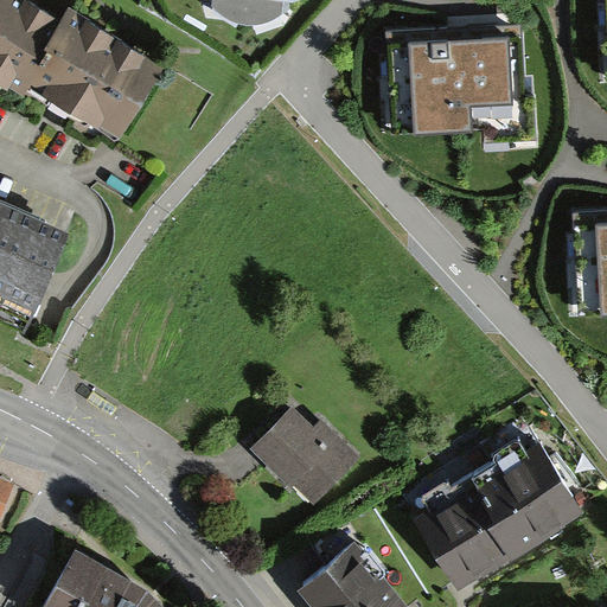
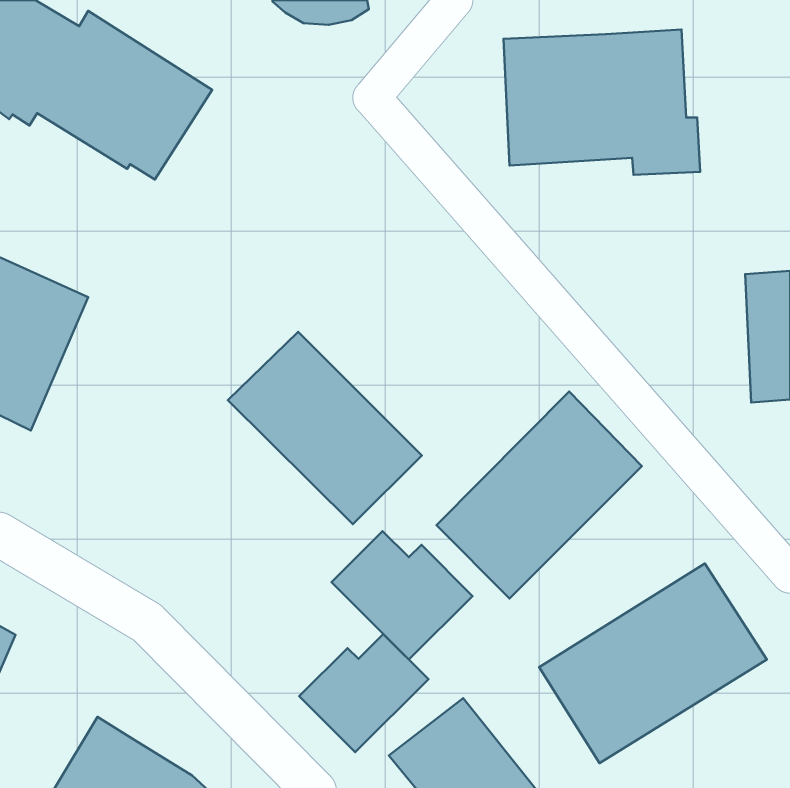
building: none -> [228,332,422,524]
building: none -> [437,392,642,598]
building: none -> [299,634,428,752]

